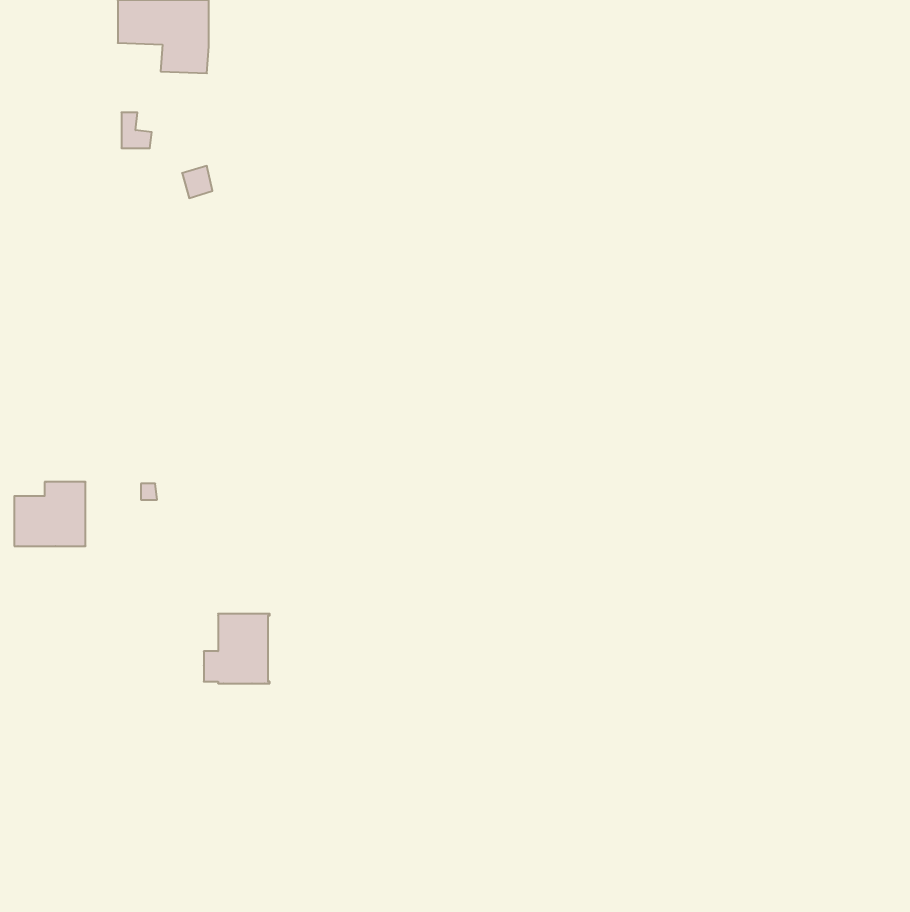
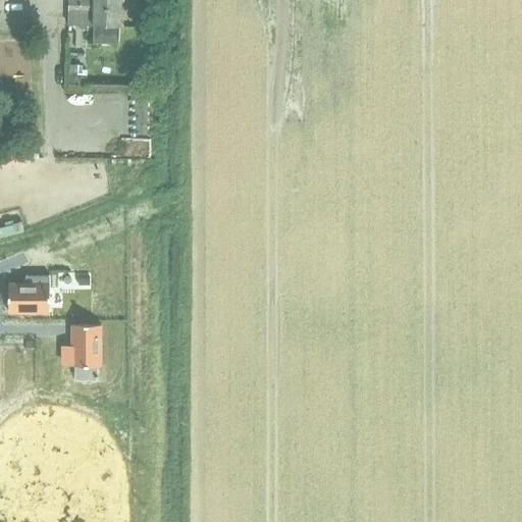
building: [204,614,270,683] -> [63,325,101,365]

